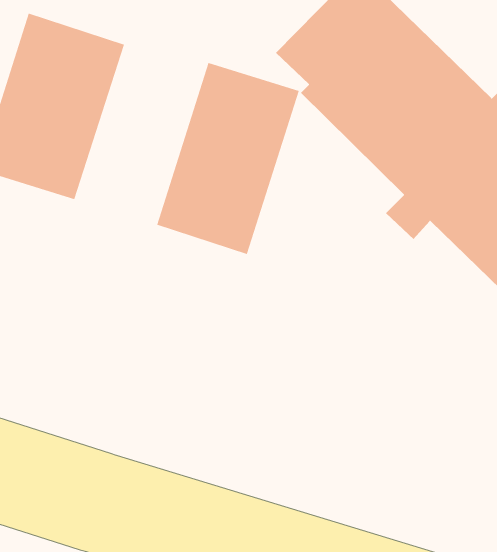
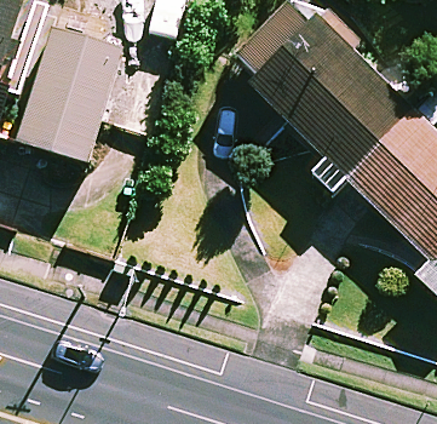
building: [157,62,299,255] -> none

